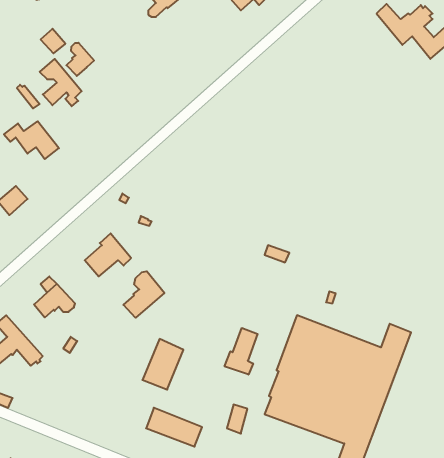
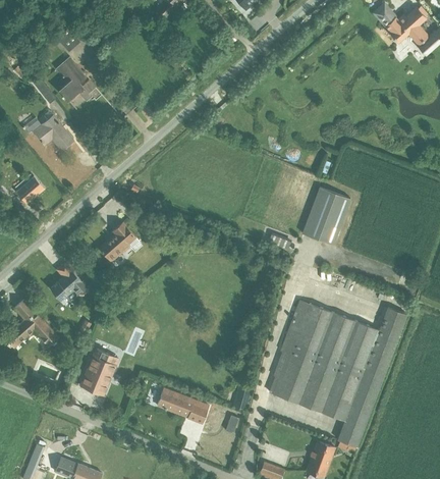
building: [66,43,94,76] -> none
building: none -> [301,187,350,245]
building: [123,271,164,318] -> none
building: [225,328,258,375] -> none
building: [142,339,183,390] -> [79,348,118,395]

